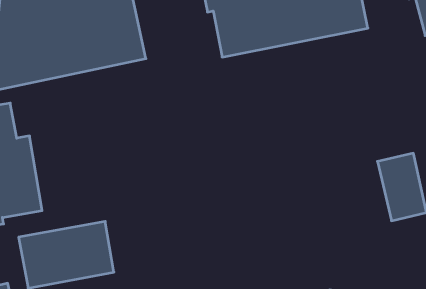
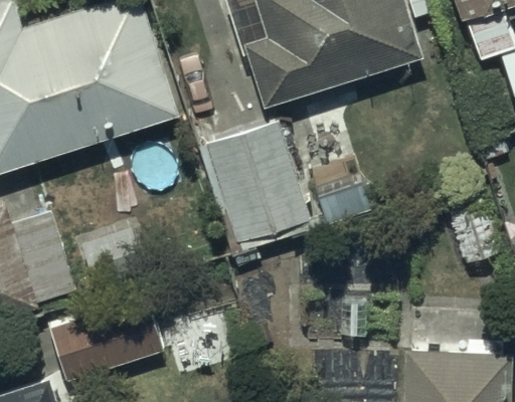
building: none -> [204,125,318,268]

